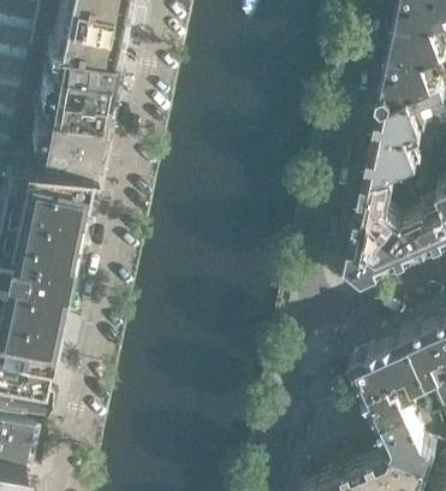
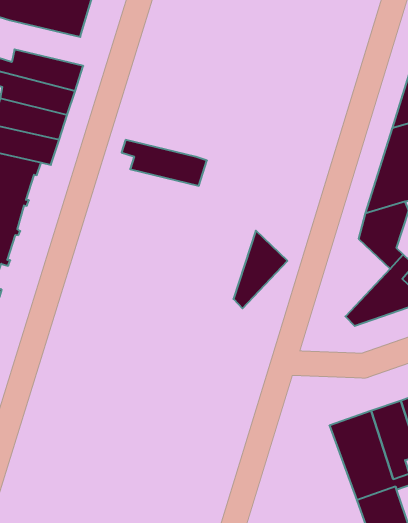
building: [52,51,124,83] -> [122,140,207,186]
building: [350,206,392,272] -> [233,231,287,308]

